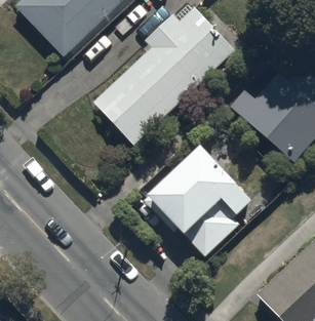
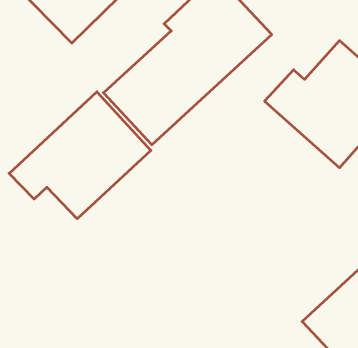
building: none -> [9,92,151,219]
building: [141,142,251,253] -> none

